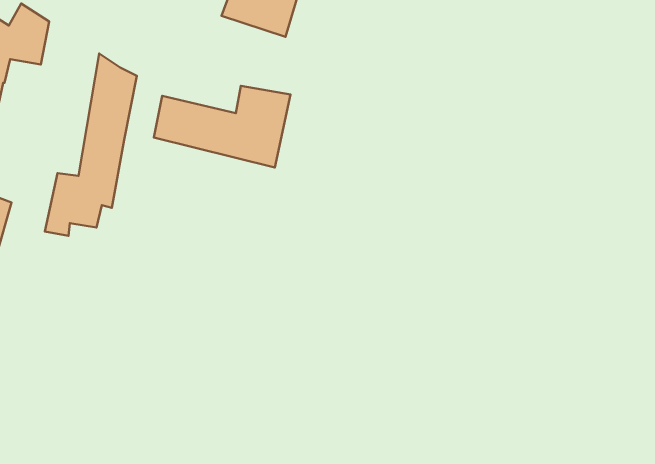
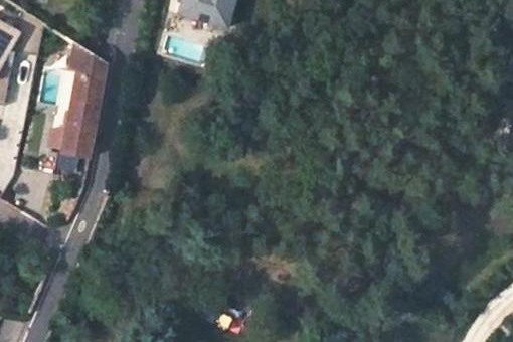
building: [154,86,291,168] -> none

